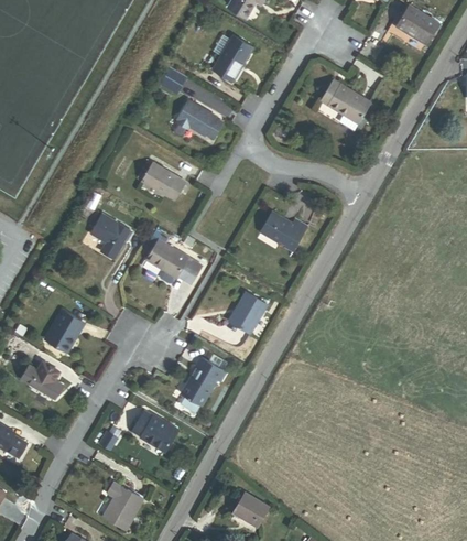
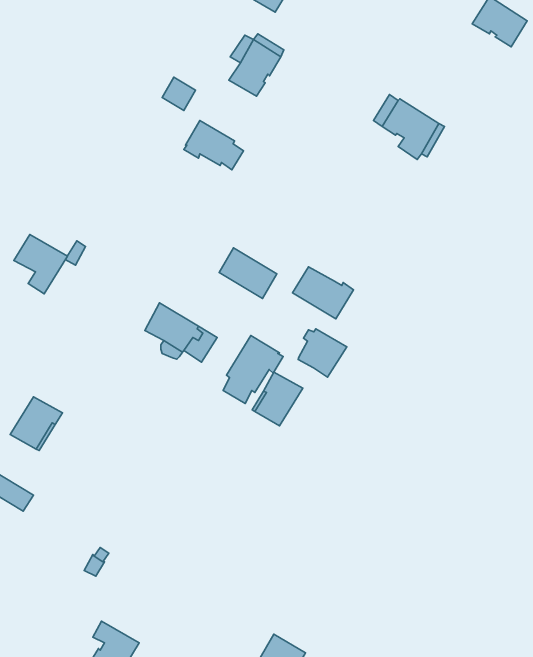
building: [141,162,185,201] -> [219,248,277,298]
building: [89,214,130,259] -> [14,234,67,294]
building: none -> [298,329,347,377]
building: none -> [223,335,283,403]
building: [181,357,226,405] -> none
building: [132,410,177,451] -> none

